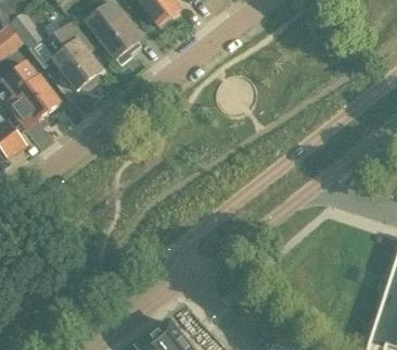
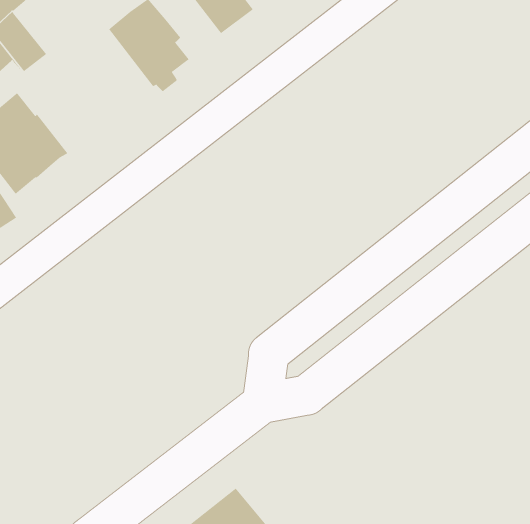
building: [43,20,101,88] -> none

